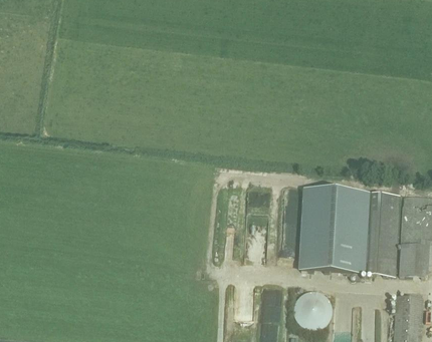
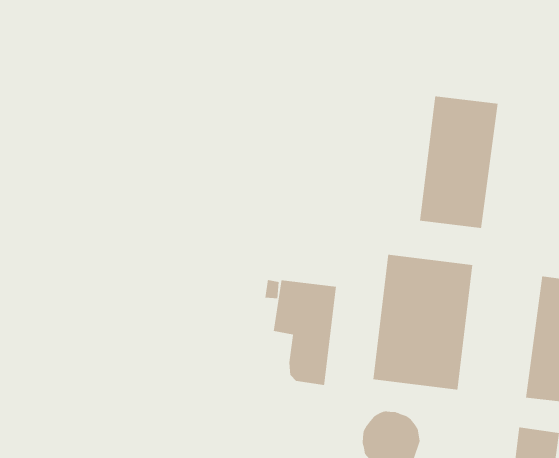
building: [355,192,401,276] -> [419,96,498,229]
building: none -> [273,280,337,386]

